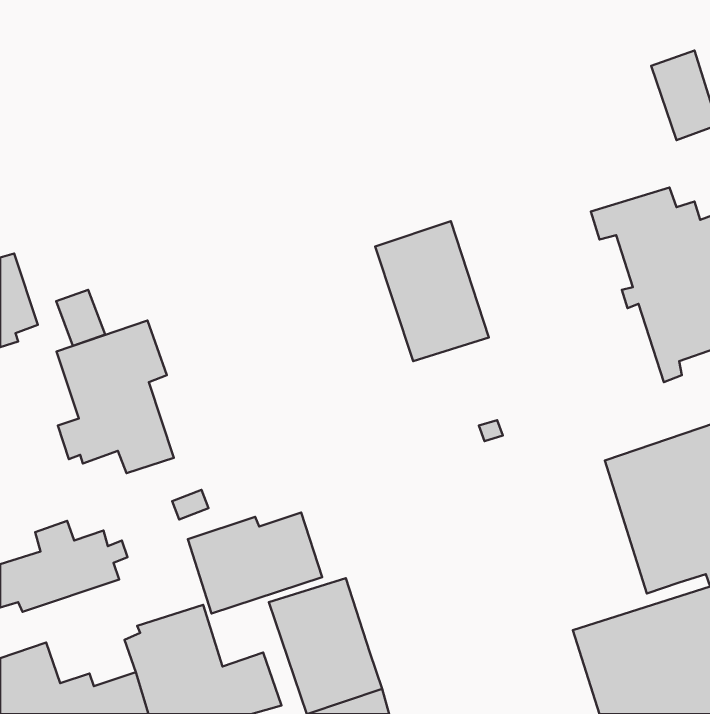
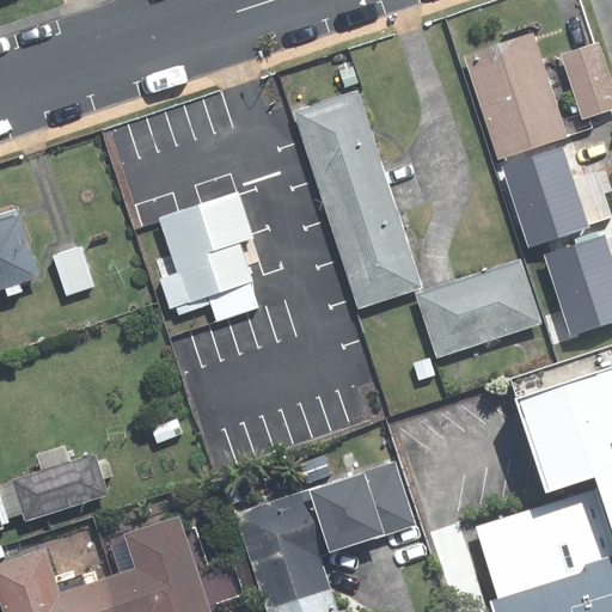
building: none -> [465,35,576,180]
building: none -> [293,91,390,210]
building: none -> [415,261,539,357]
building: [56,321,174,473] -> [158,191,258,322]
building: [188,513,322,613] -> [300,471,415,557]

